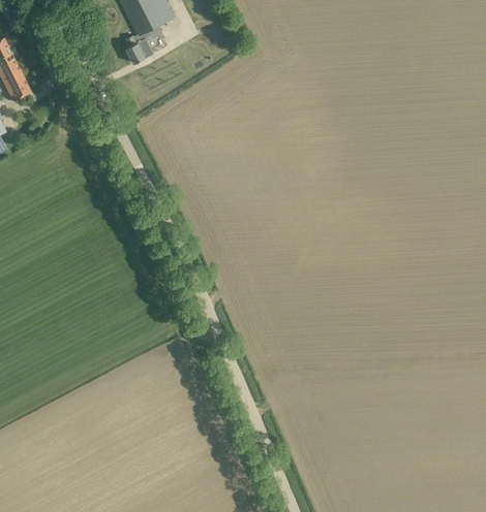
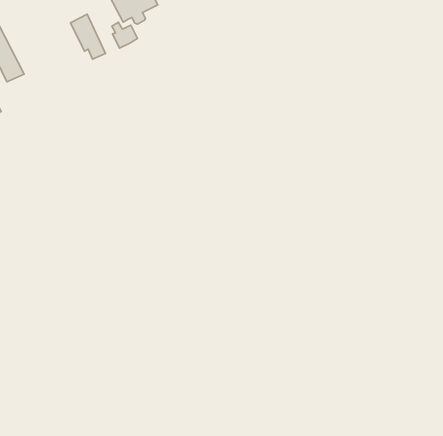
building: none -> [70,14,105,59]

